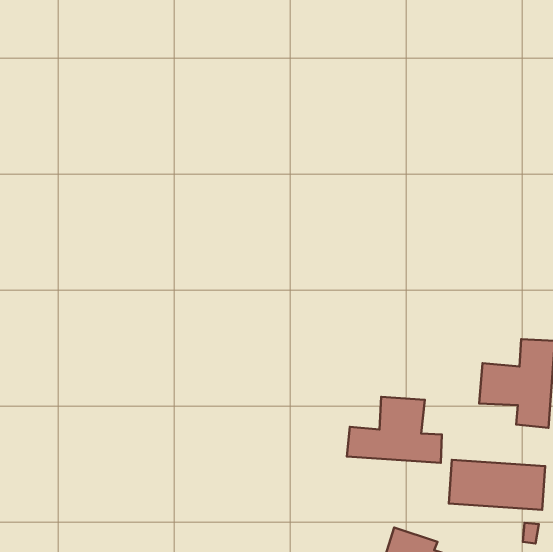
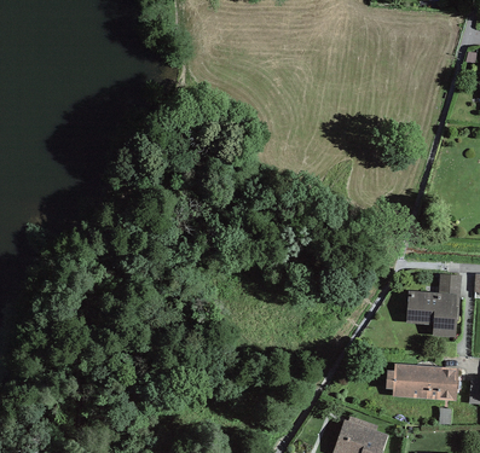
building: [347,397,442,463] -> none

